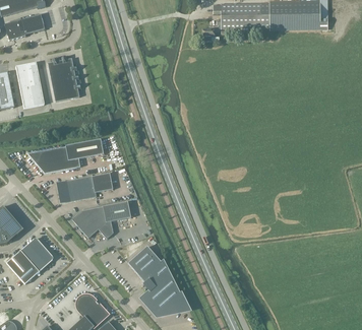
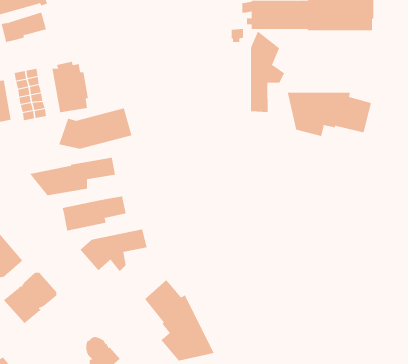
building: none -> [251,30,285,113]
building: none -> [287,92,371,137]
building: none -> [58,107,132,150]

